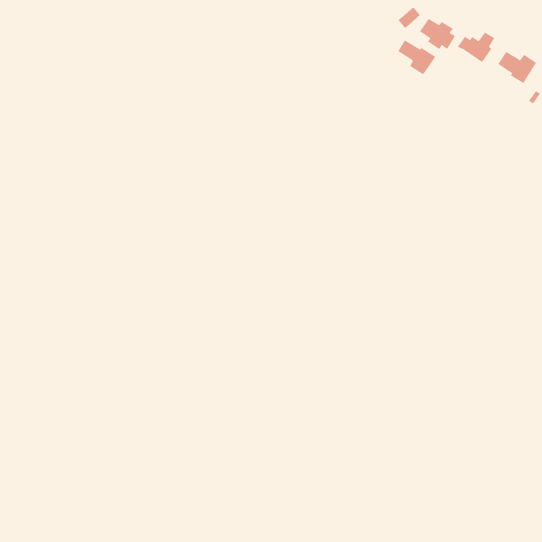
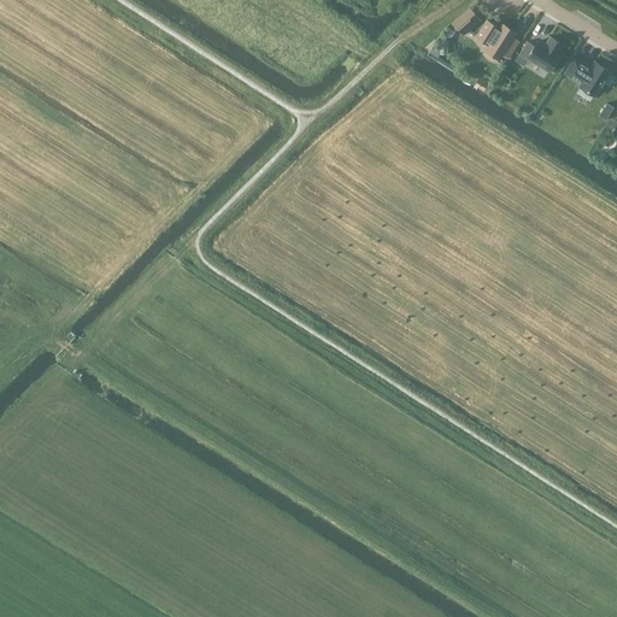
building: [398,39,436,75] -> none

